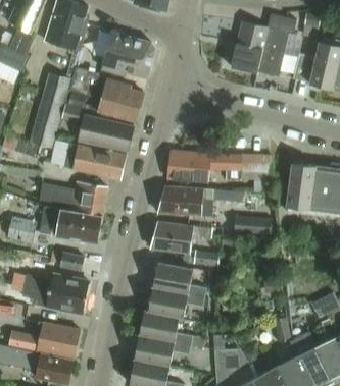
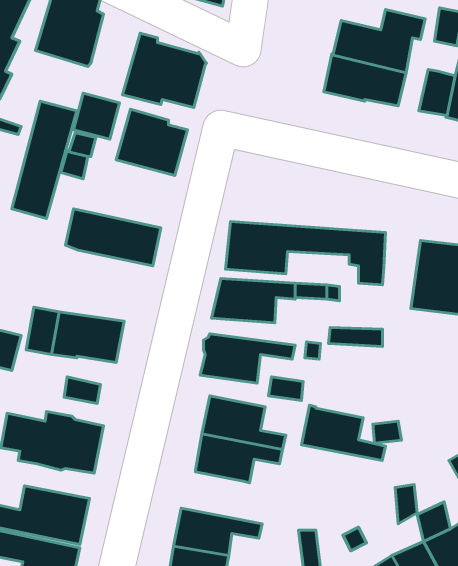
building: [78,115,134,150] -> none
building: [40,181,107,214] -> none
building: [139,309,193,344] -> [301,405,385,461]

